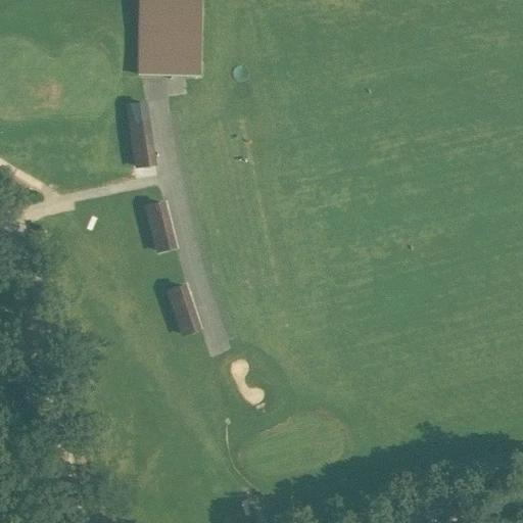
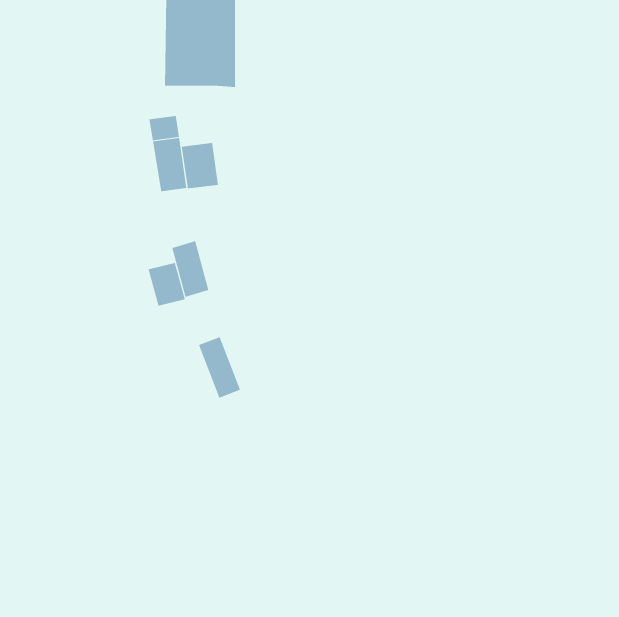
building: none -> [181,142,219,189]
building: none -> [148,262,185,307]

